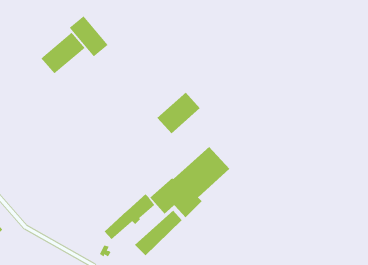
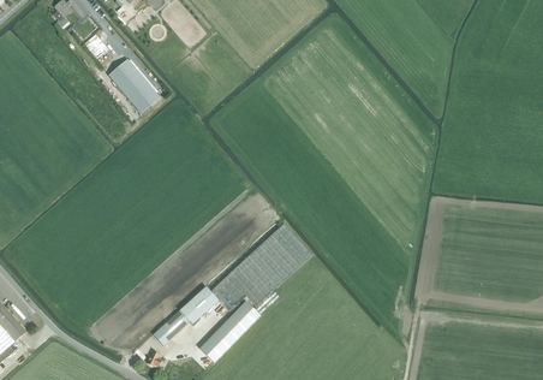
building: [40,32,86,74] -> none
building: [156,92,201,134] -> none

